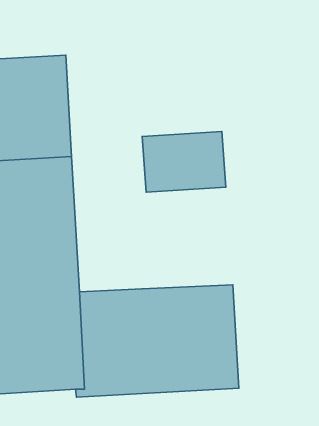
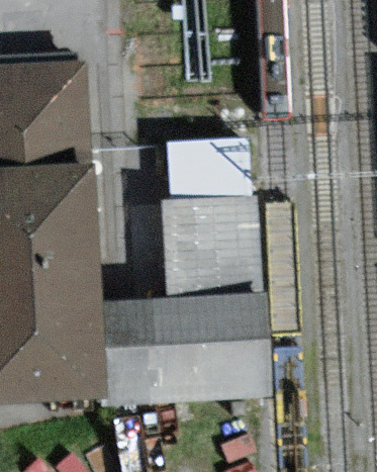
building: none -> [162,193,259,296]

